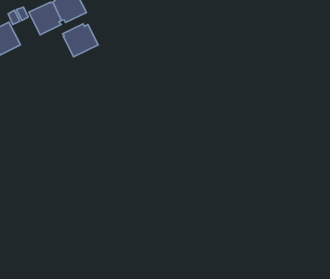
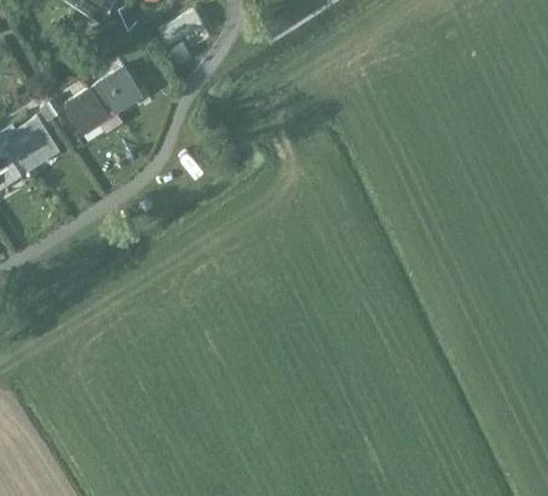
building: [63,24,98,57] -> none

